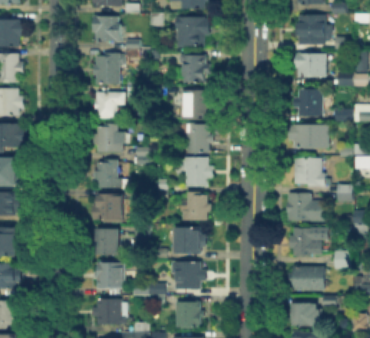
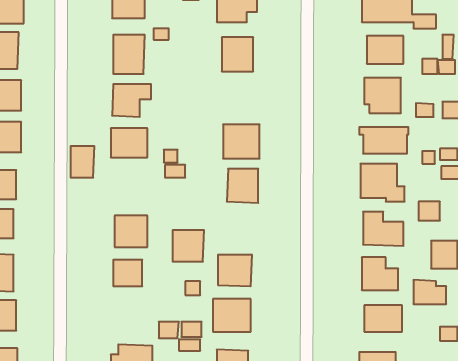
building: [181,91,212,120] -> none
building: [97,162,116,187] -> [71,146,94,178]
building: [186,196,211,221] -> [173,230,204,262]
building: [96,263,125,288] -> none

